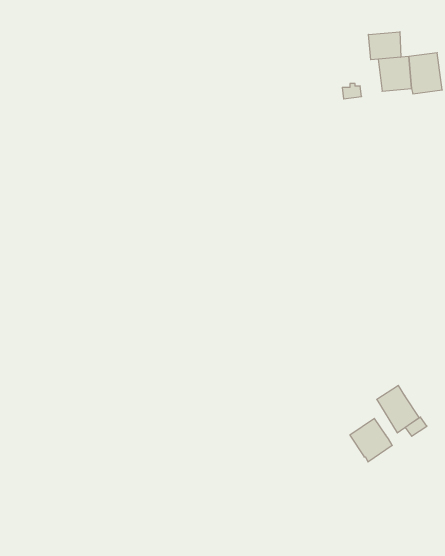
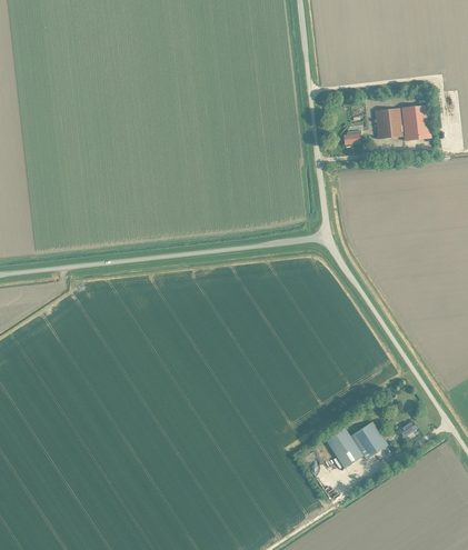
building: [368,32,401,60] -> none
building: [377,385,419,433] -> [326,427,362,468]

